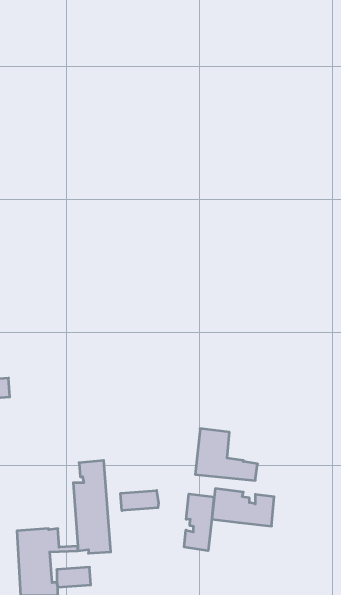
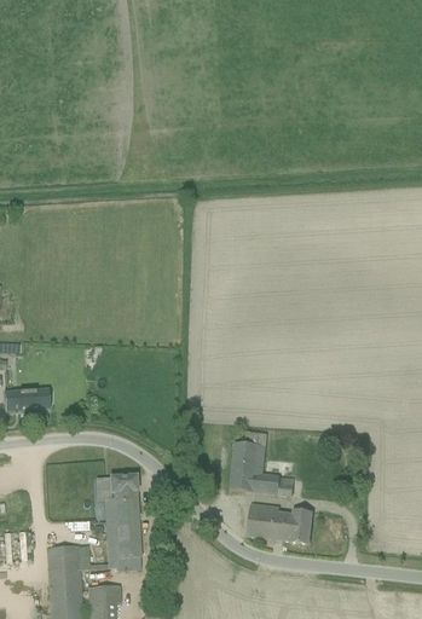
building: [121,490,159,511] -> none
building: [184,494,214,551] -> none

